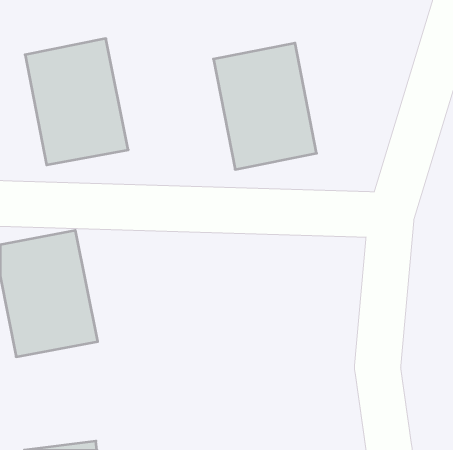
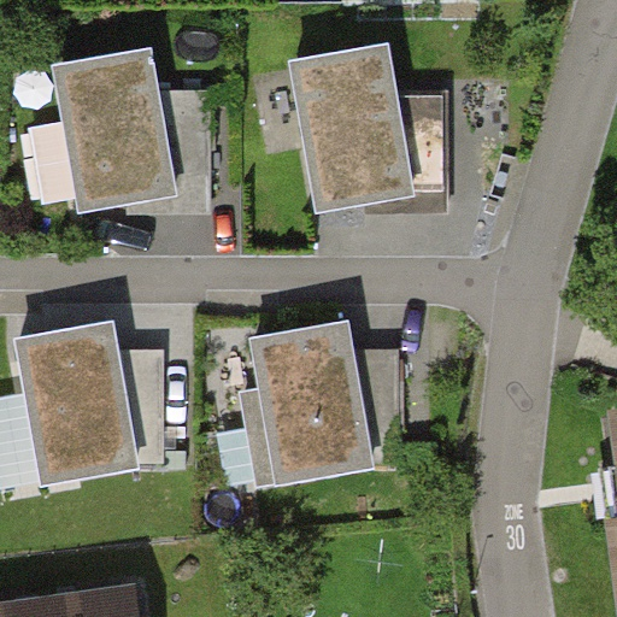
building: none -> [229,302,370,481]

